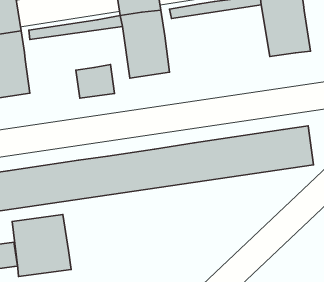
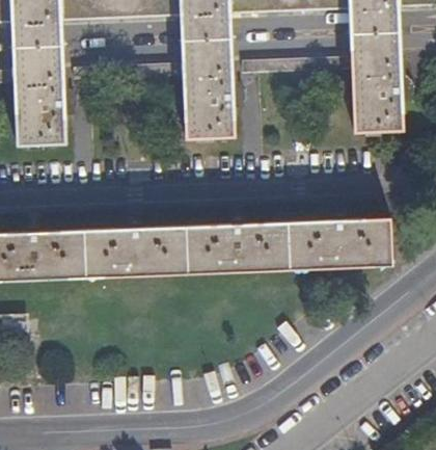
building: [76,64,114,98] -> none
building: [12,215,71,277] -> none

